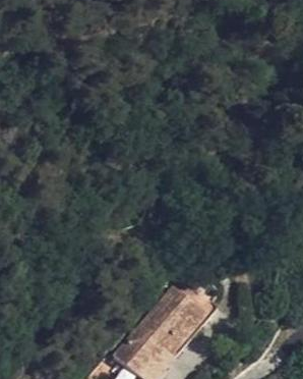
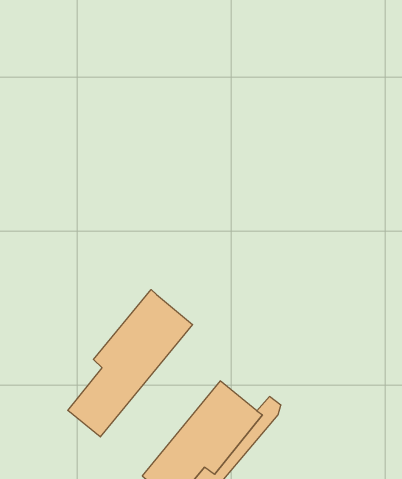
building: none -> [68,290,193,437]

